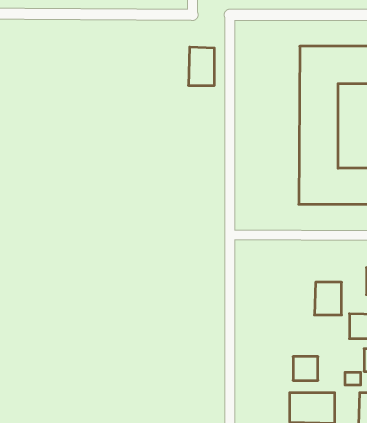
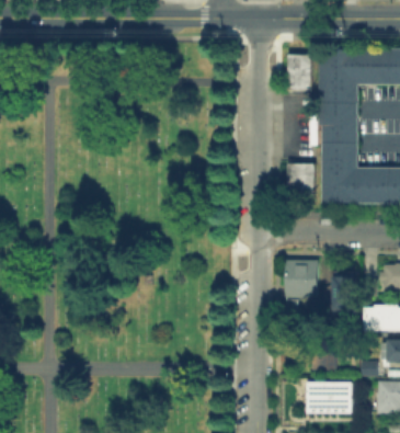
building: [188,47,214,85] -> [285,53,310,90]
building: none -> [287,162,312,200]
building: none -> [286,261,328,300]

